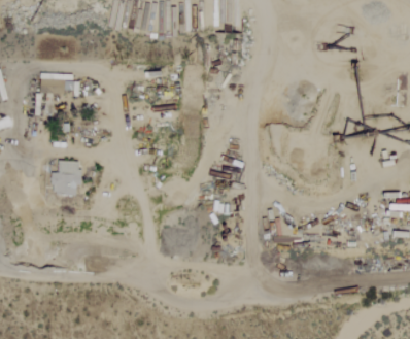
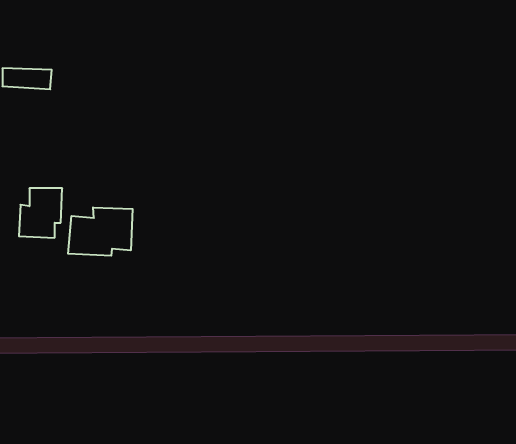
building: none -> [68,207,133,256]

